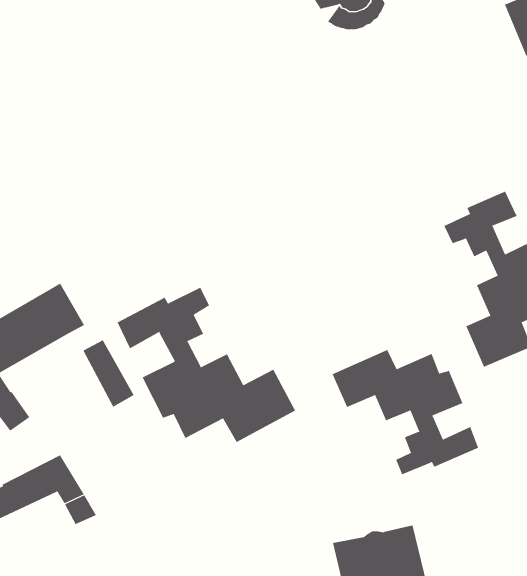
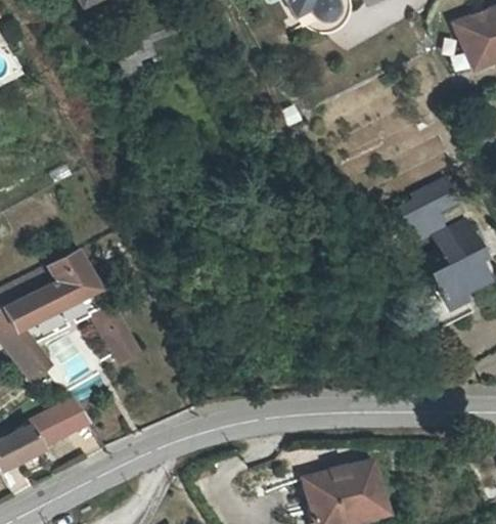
building: [117,287,296,443] -> none
building: [332,349,479,475] -> none

